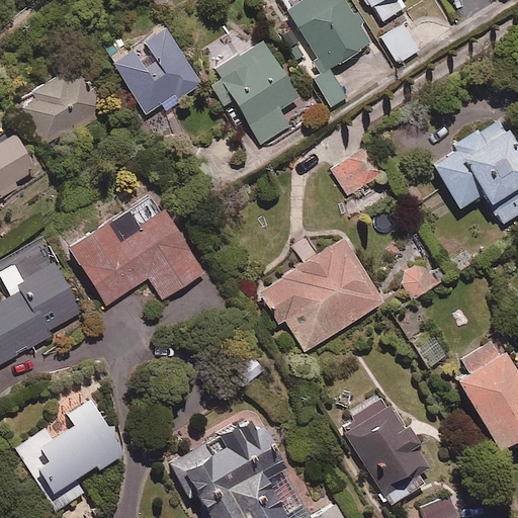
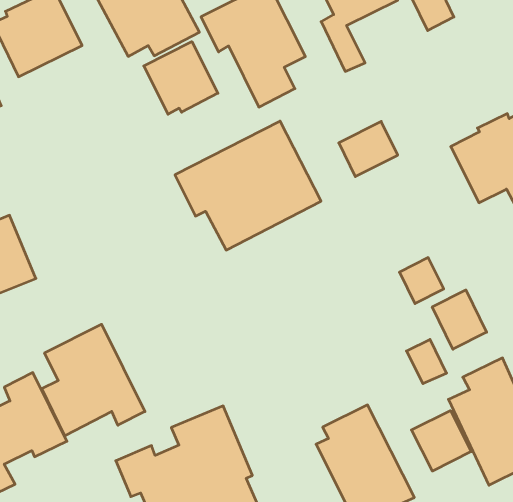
building: none -> [144,42,218,114]
building: [72,205,207,305] -> none
building: [255,237,382,352] -> [175,121,321,250]
building: none -> [432,290,487,349]
building: none -> [42,324,145,436]
building: none -> [411,411,471,471]

